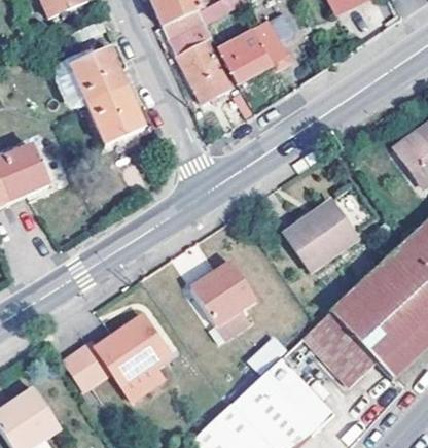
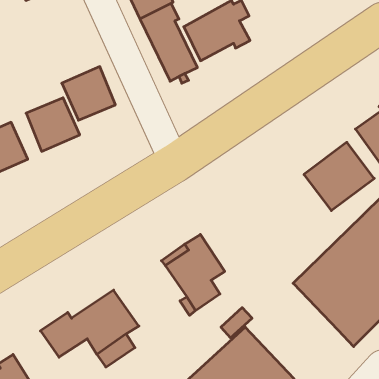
building: [70,45,127,102] -> [26,98,80,151]
building: [284,200,358,272] -> [304,142,374,211]
building: [305,313,378,386] -> none

